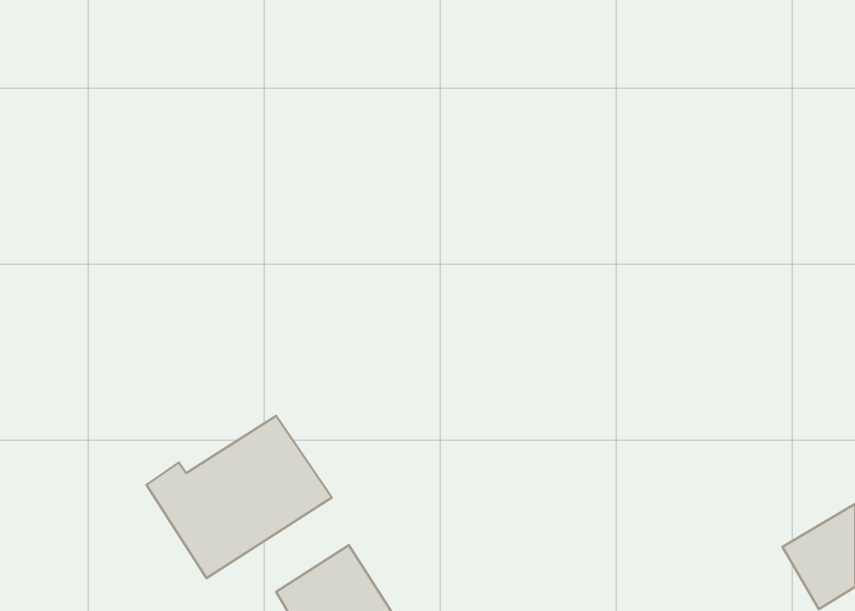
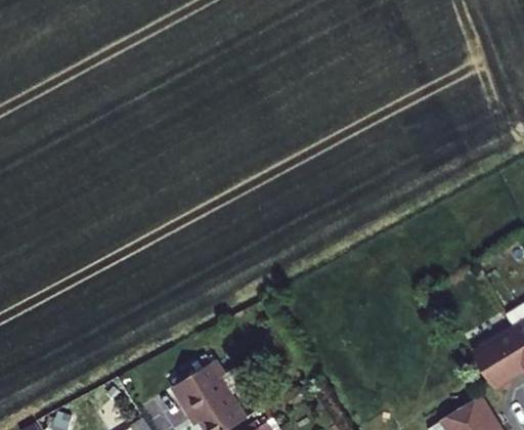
building: [146,416,332,578] -> none

